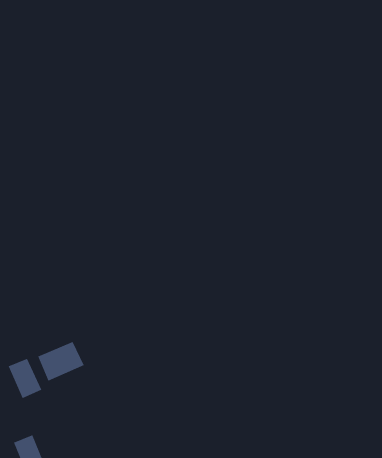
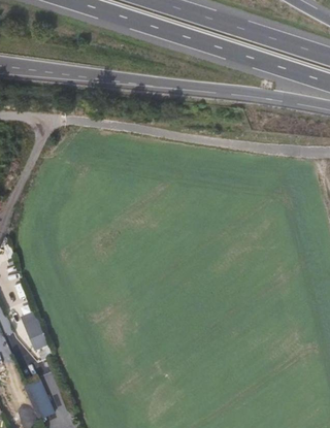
building: [37,341,84,382] -> none

